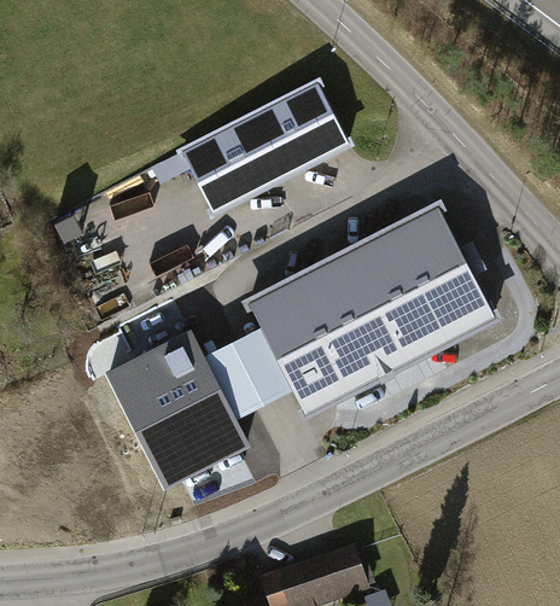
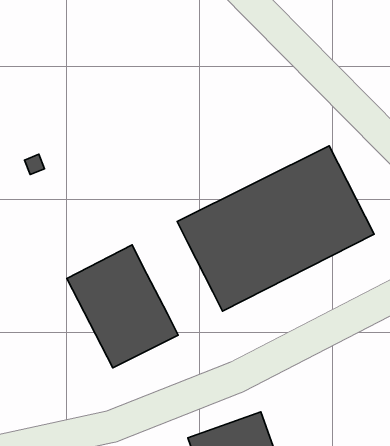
building: [177,85,344,211] -> none
building: [203,327,291,416] -> none

